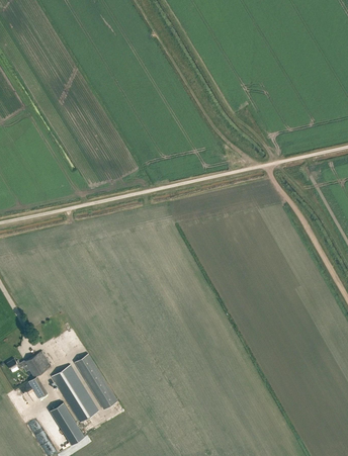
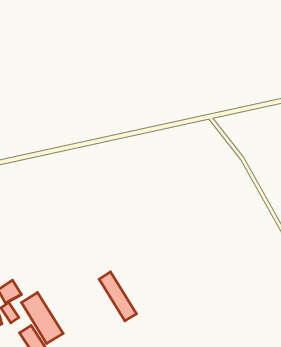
building: [75,354,117,409] -> [99,272,136,321]

